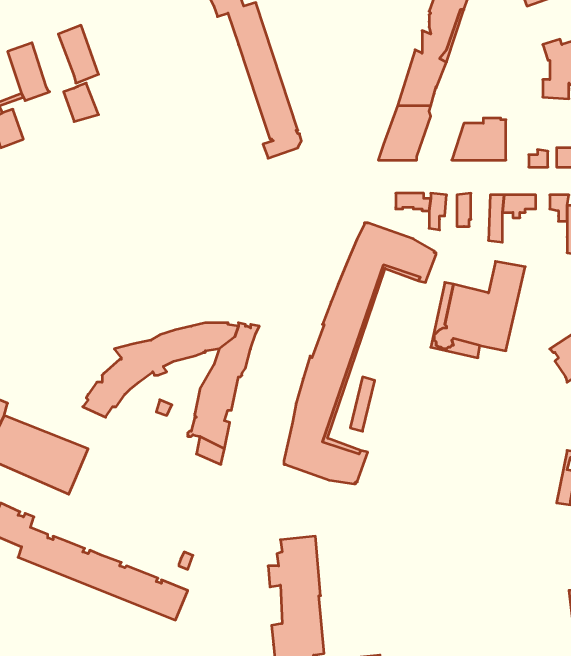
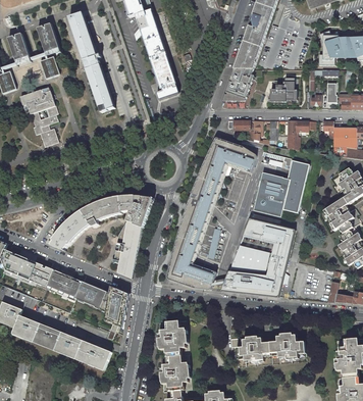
building: none -> [70,12,114,110]
building: none -> [19,87,57,147]
building: none -> [219,218,295,297]
building: none -> [45,269,128,328]
building: none -> [229,333,306,366]

